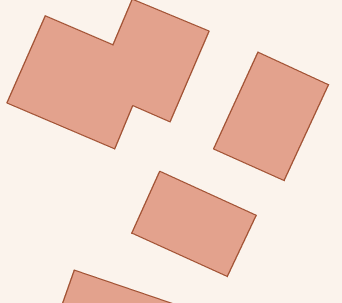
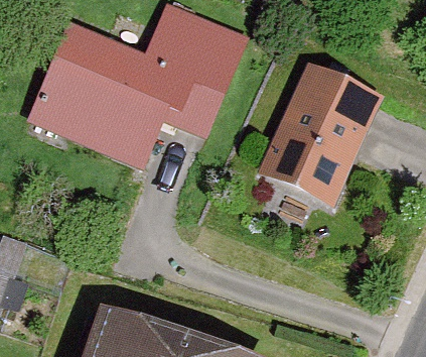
building: [132,171,256,277] -> none

